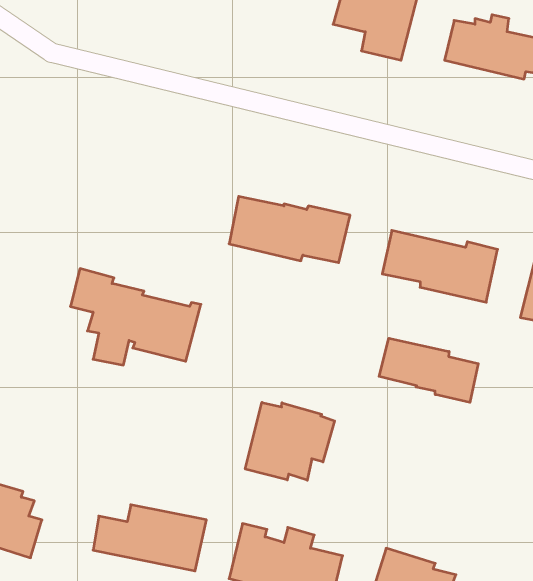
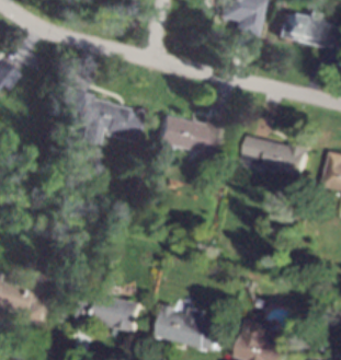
building: [70,269,201,365] -> [64,88,139,143]
building: [379,338,478,402] -> none
building: [245,402,335,480] -> none

